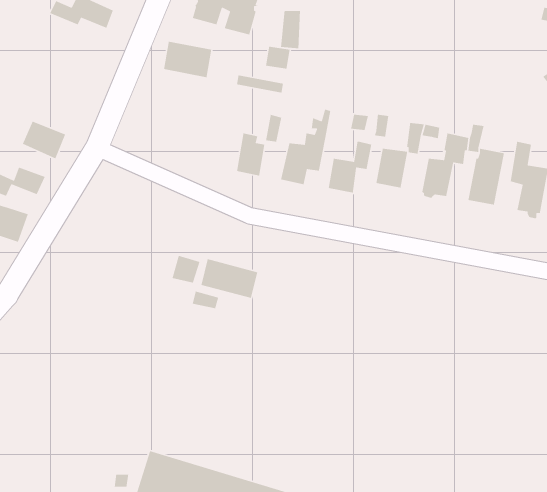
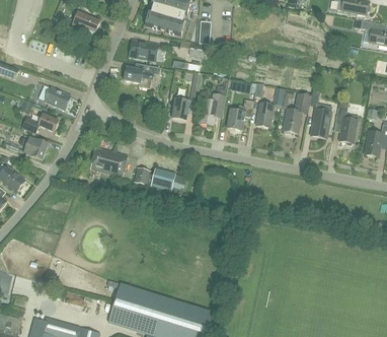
building: none -> [123,63,173,87]
building: none -> [89,146,127,177]

